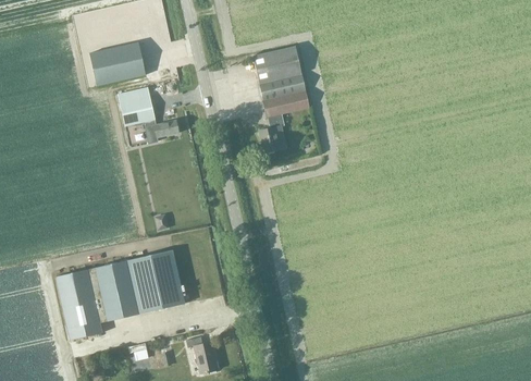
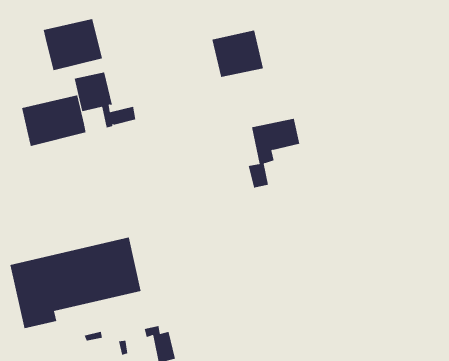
building: [258,85,309,153] -> [248,118,300,188]
building: none -> [21,95,86,147]

